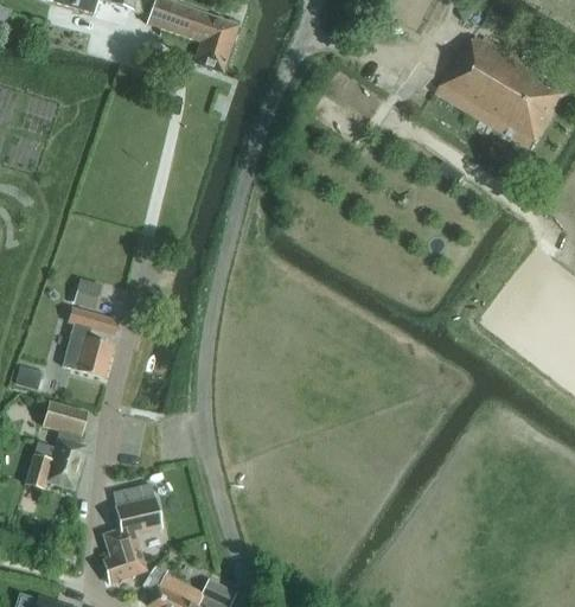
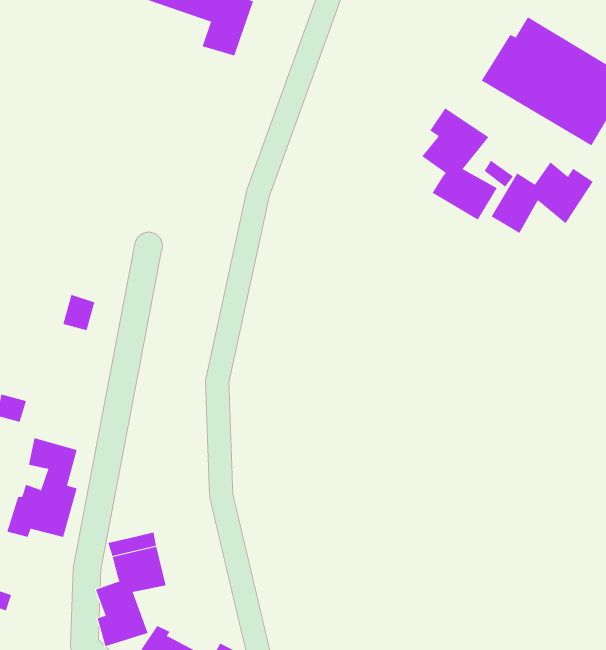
building: none -> [422,107,497,221]
building: none -> [491,161,593,234]
building: [64,308,121,377] -> none

